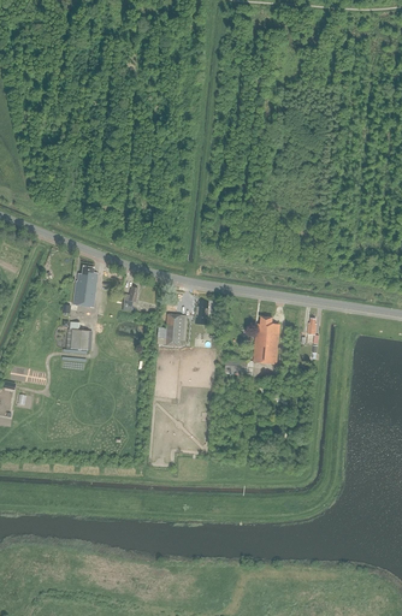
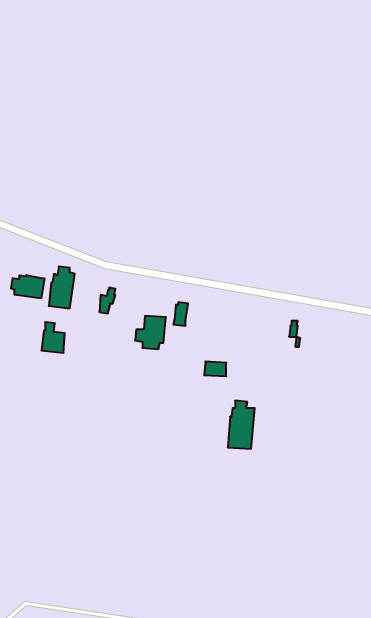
building: none -> [11,275,44,298]
building: [253,316,279,363] -> [228,401,255,449]

